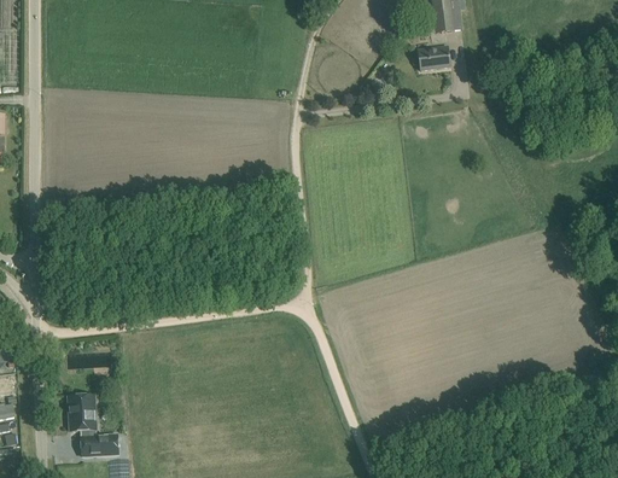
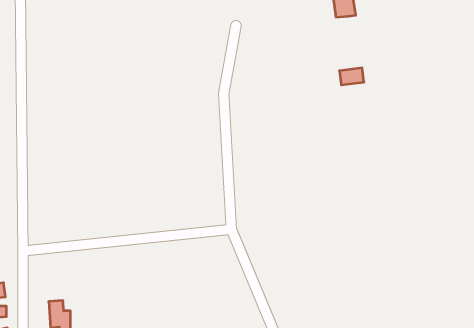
building: [416,47,448,69] -> [339,68,364,85]

